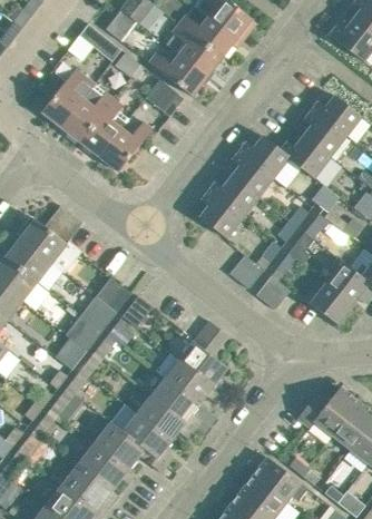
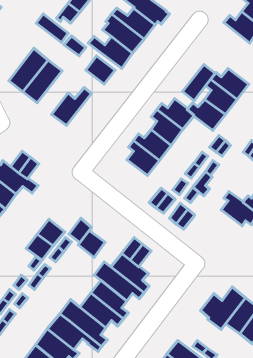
building: none -> [183,64,215,101]
building: [79,99,128,157] -> none
building: [95,277,130,313] -> [78,231,105,257]
building: [304,284,352,324] -> none

